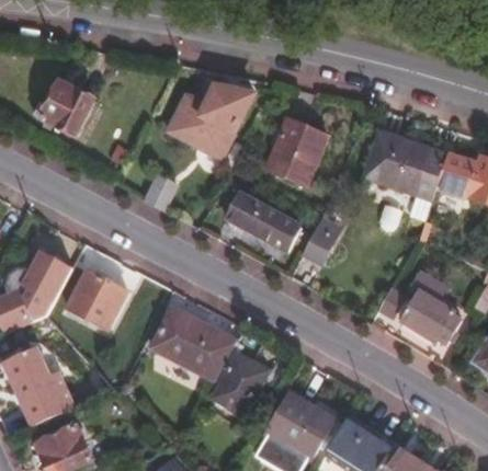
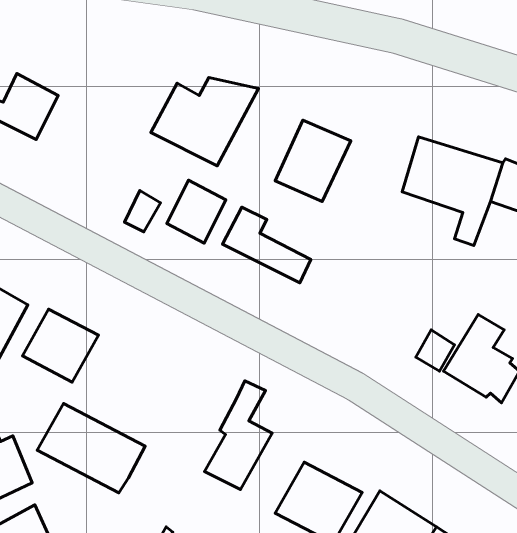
building: none -> [167,180,226,243]
building: [302,219,341,268] -> none
building: [150,308,236,379] -> [37,403,145,493]

